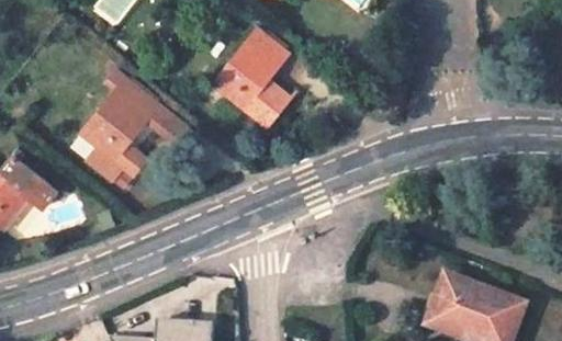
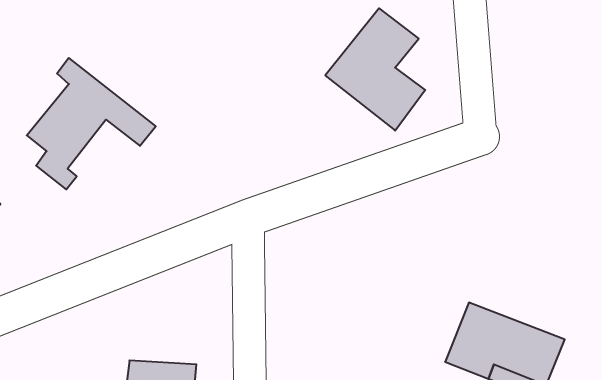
building: [209,27,292,129] -> [325,8,425,131]

